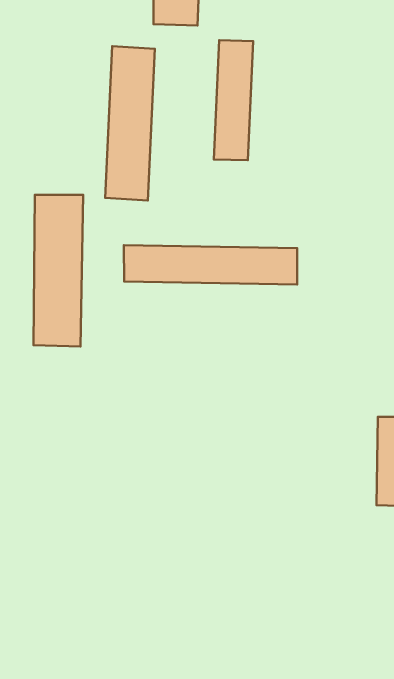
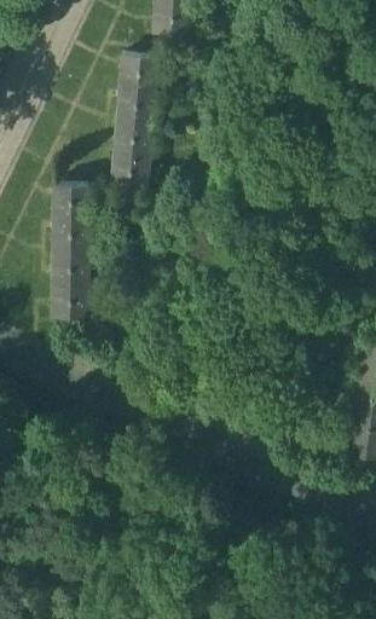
building: [214,40,253,160] -> none
building: [124,245,297,285] -> none

